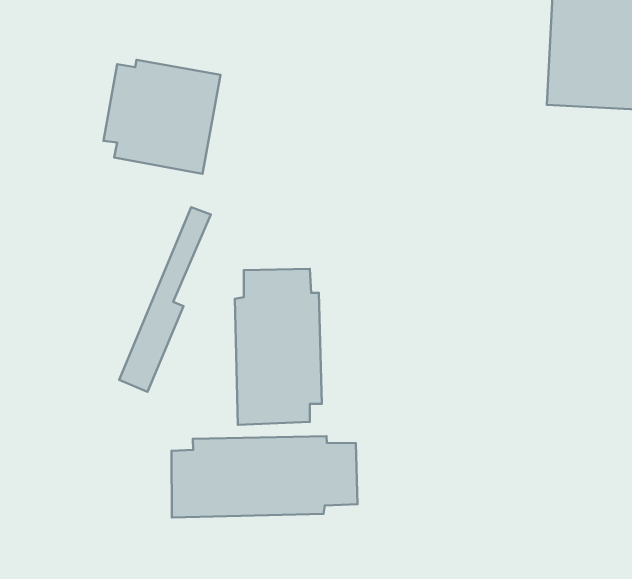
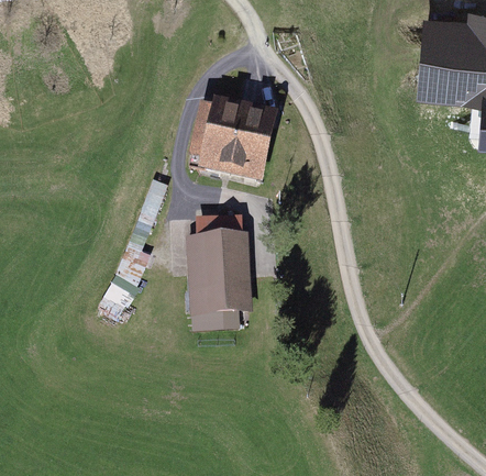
building: [104,60,221,174] -> [188,104,274,188]
building: [172,436,357,517] -> none

